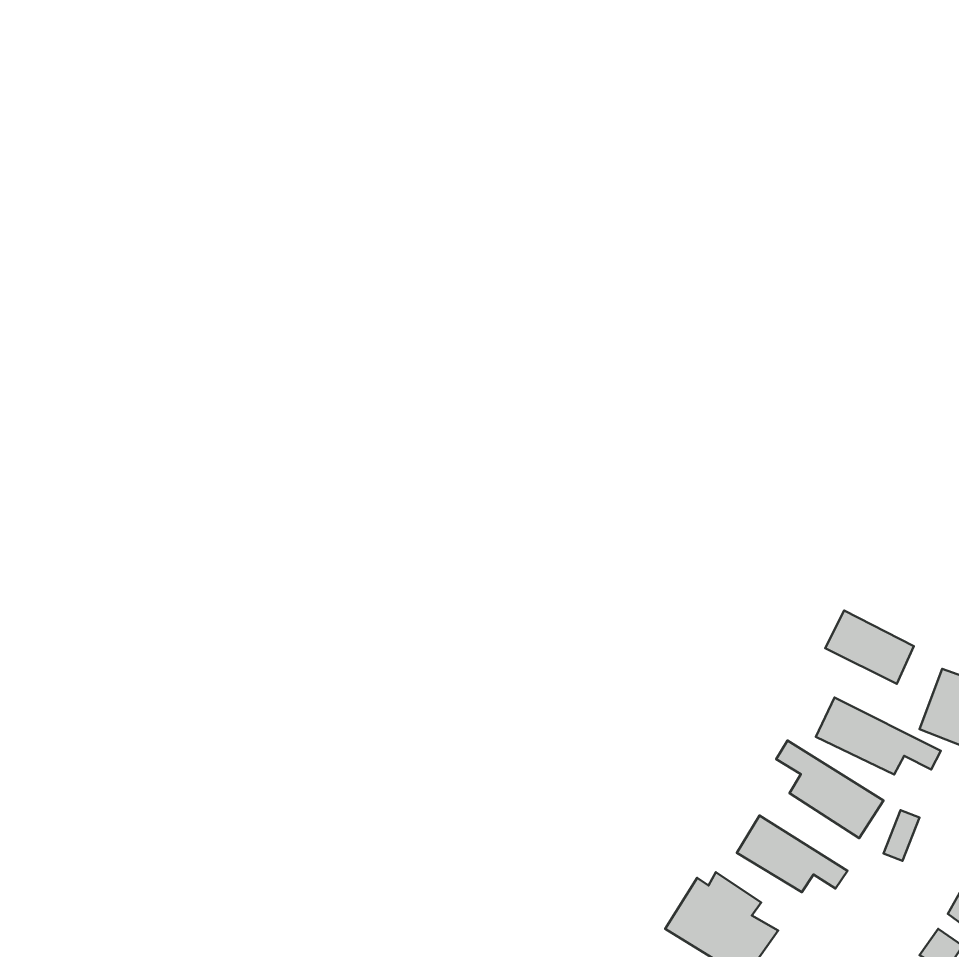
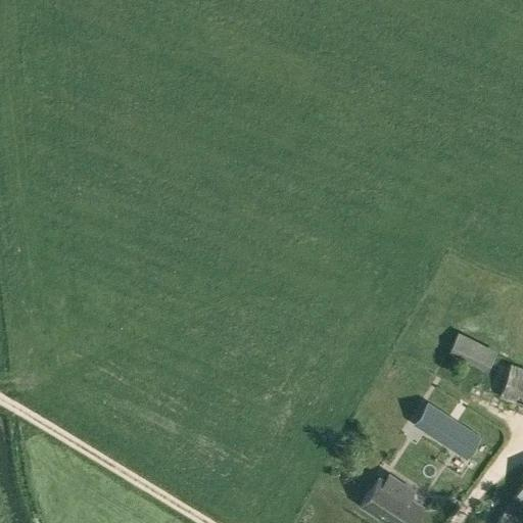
building: [816,698,941,775] -> none
building: [737,816,847,892] -> none

